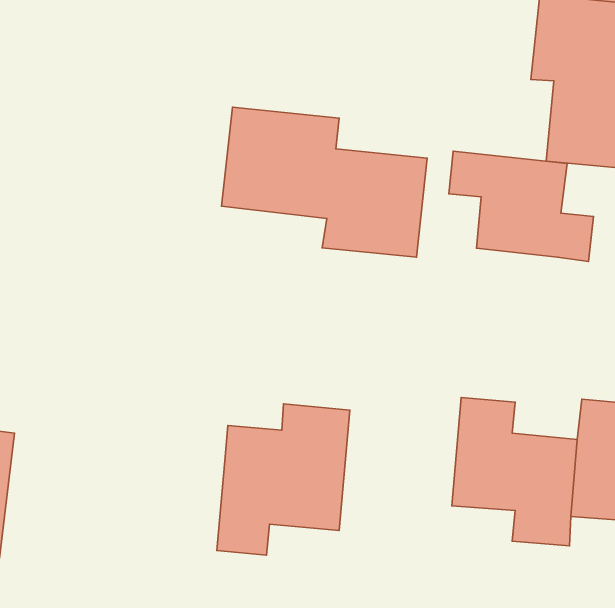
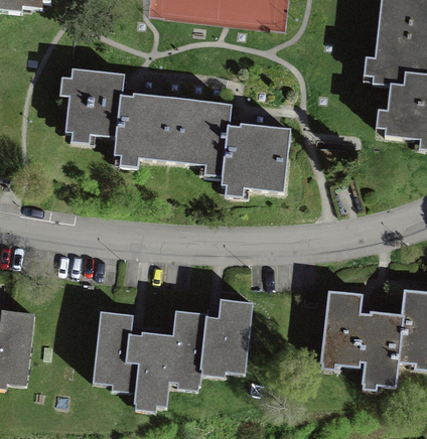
building: none -> [70,72,175,166]
building: [449,151,594,261] -> none
building: none -> [92,311,170,408]

